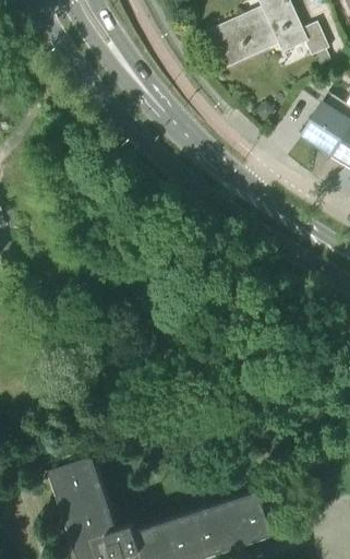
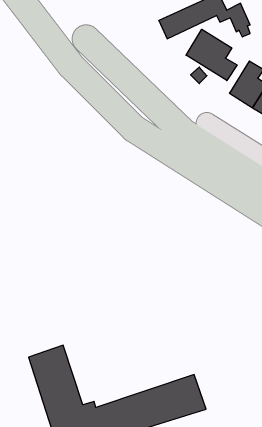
building: none -> [186,29,237,81]

